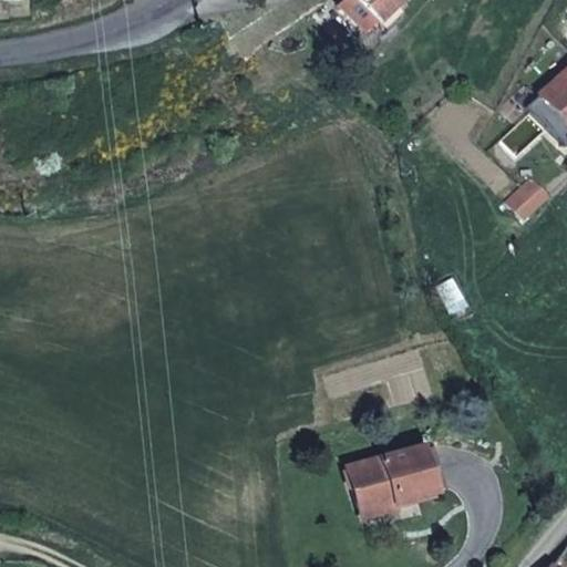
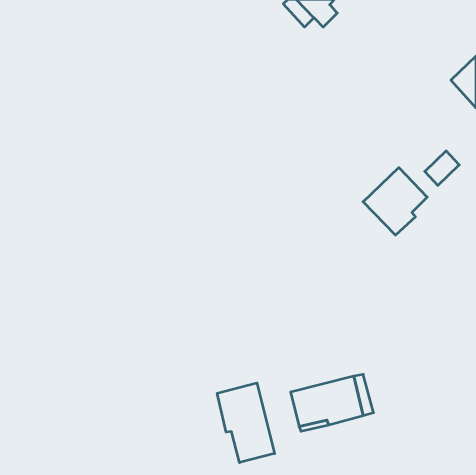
building: none -> [363,168,427,235]
building: none -> [217,383,275,463]

